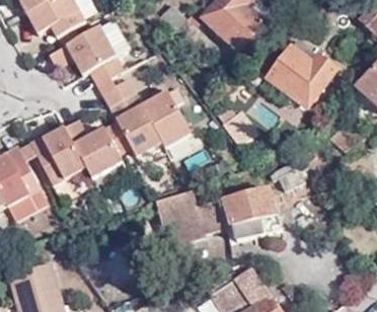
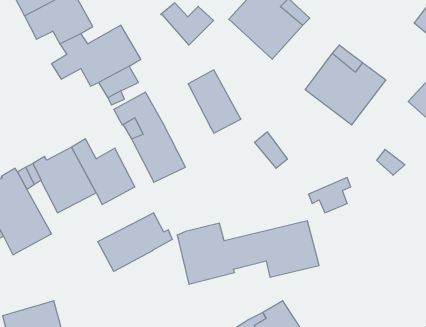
building: [145,95,191,150] -> [188,70,241,133]
building: none -> [98,213,172,271]

